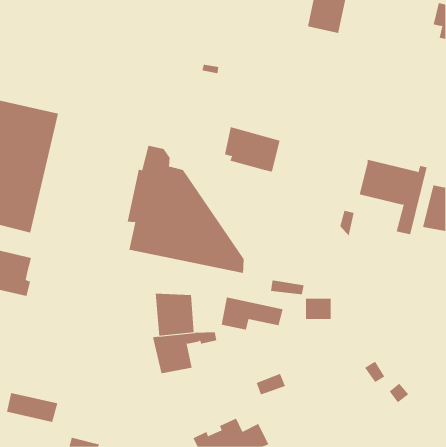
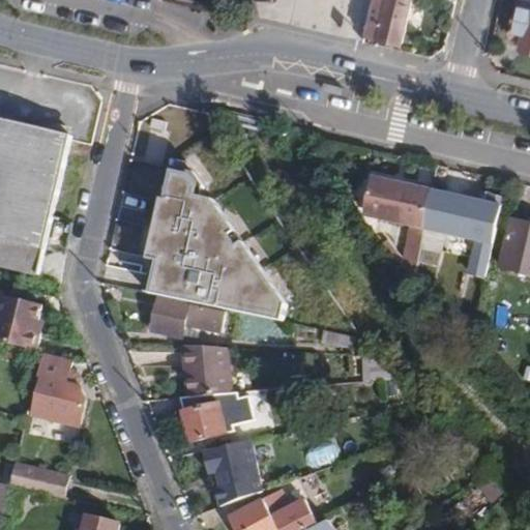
building: [224,127,280,172] -> [365,175,432,229]
building: [221,297,283,330] -> [149,297,223,336]
building: none -> [29,351,83,424]
building: none -> [201,438,262,505]

